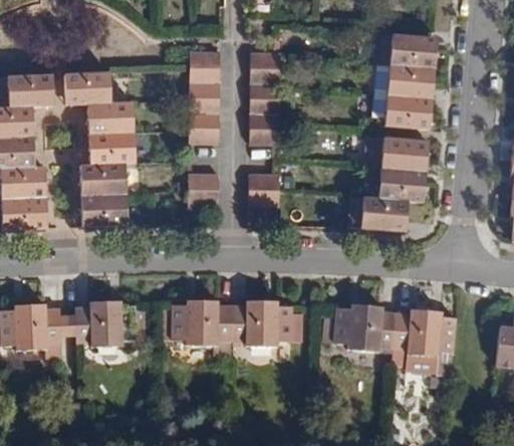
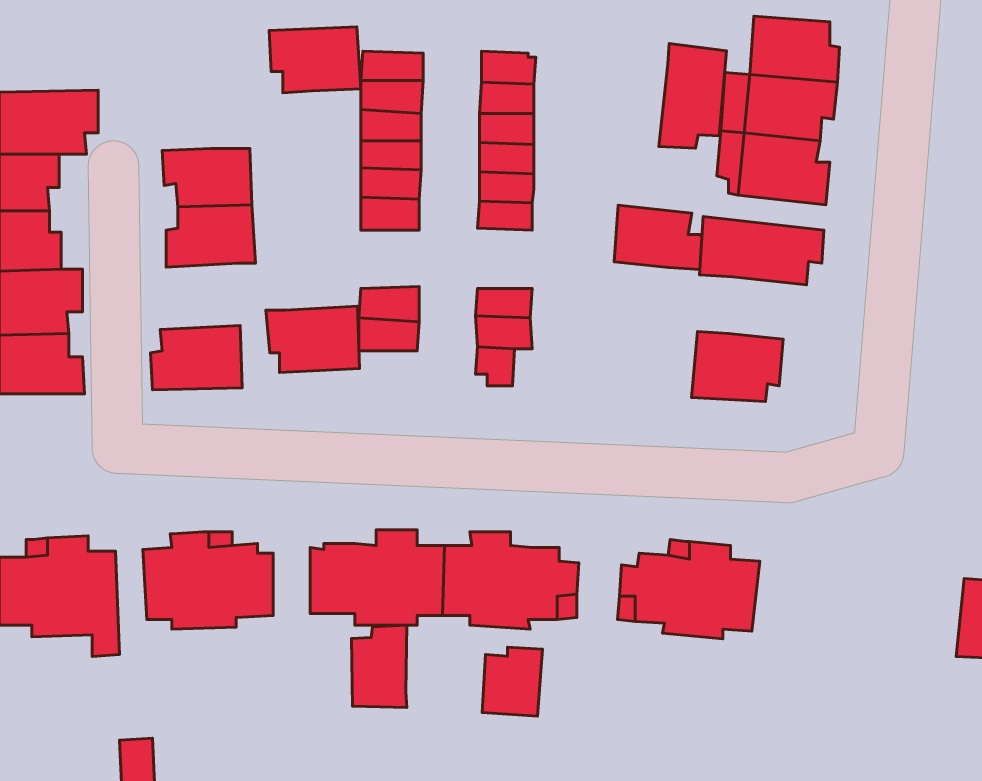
building: none -> [659,44,727,148]
building: [64,69,111,103] -> [269,27,361,93]
building: [78,161,126,195] -> [266,306,359,372]
building: [378,168,424,201] -> [614,205,702,270]
building: [391,308,457,360] -> none
building: none -> [351,625,407,707]
building: none -> [482,647,542,716]

